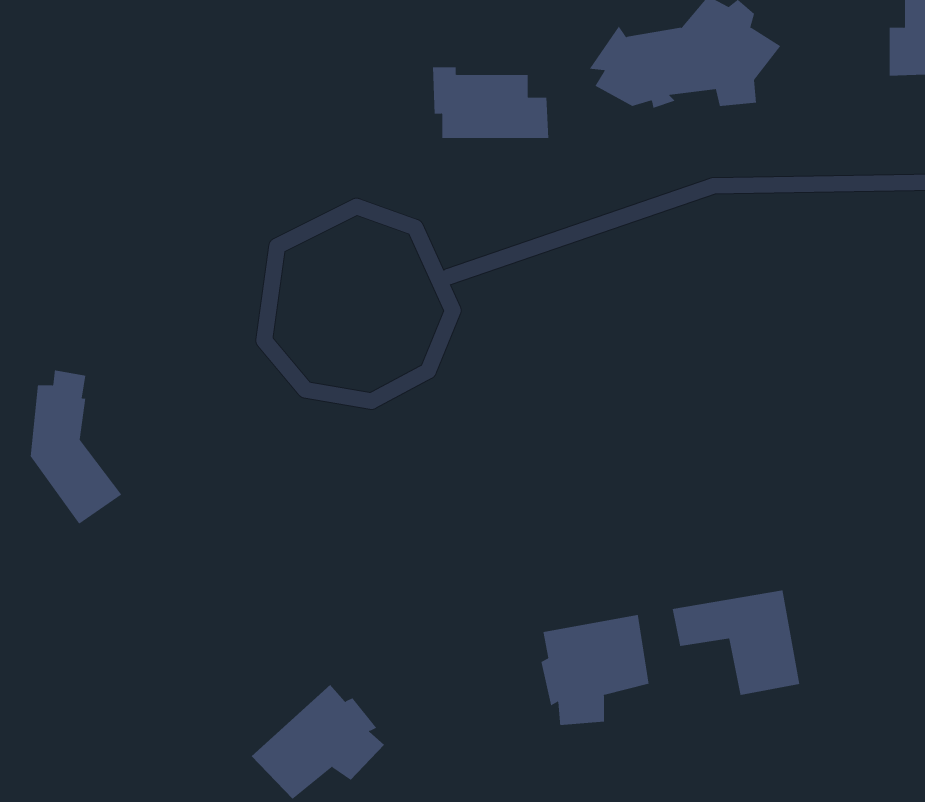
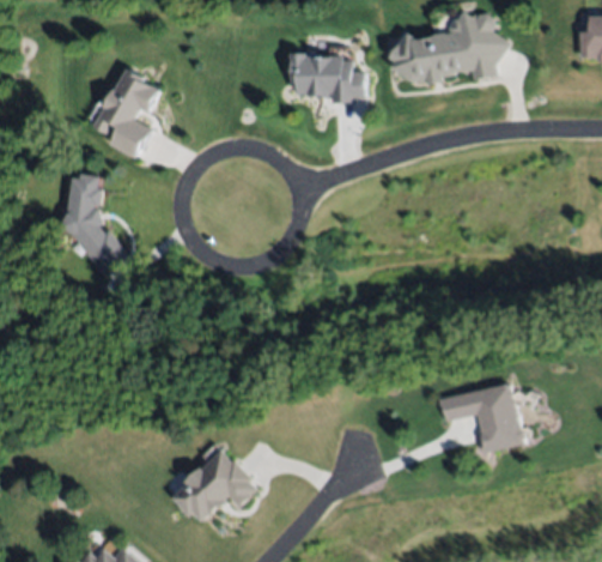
building: none -> [92,71,158,159]
building: [30,370,122,525] -> [66,169,124,267]
building: [541,614,649,726] -> none

